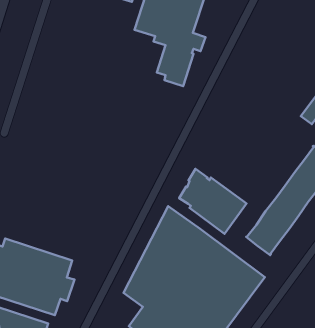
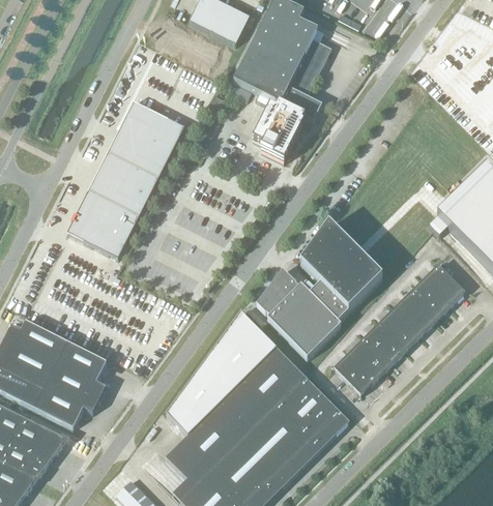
building: none -> [67,99,184,257]
building: none -> [300,222,382,320]

